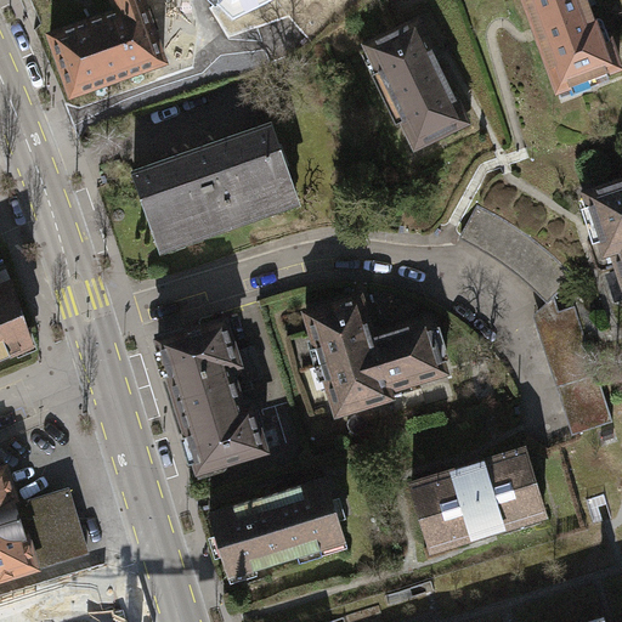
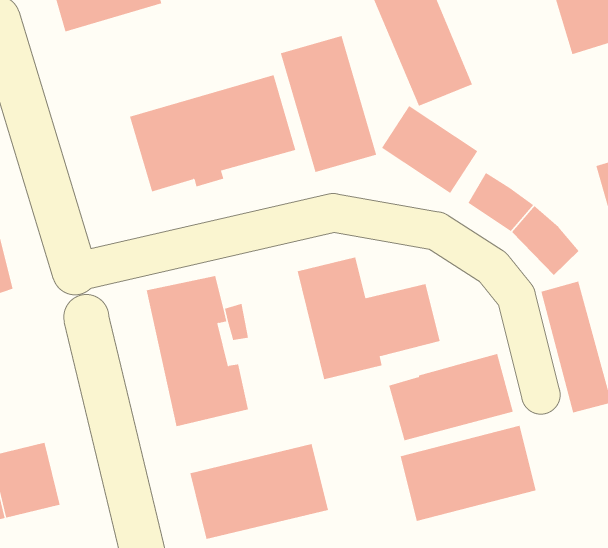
building: none -> [280,35,377,173]
building: none -> [381,105,478,194]
building: none -> [388,353,513,441]

